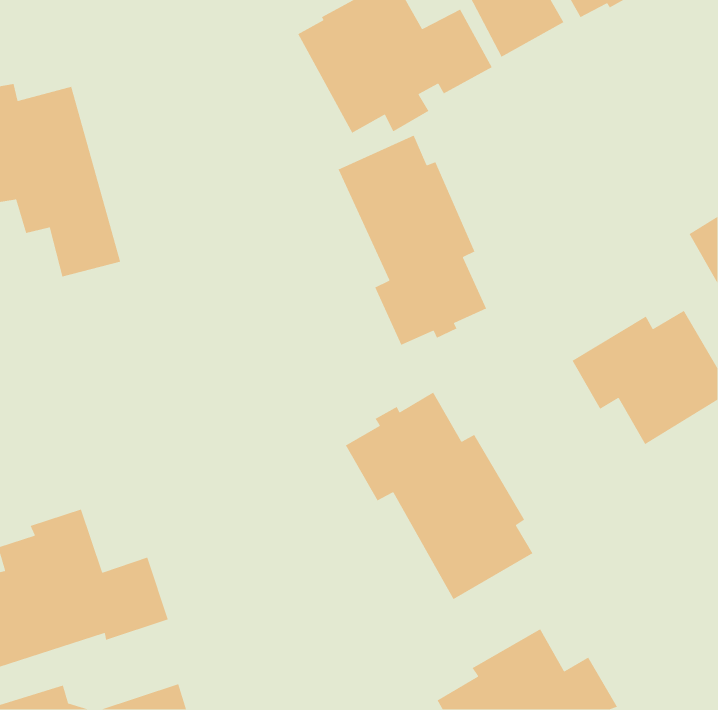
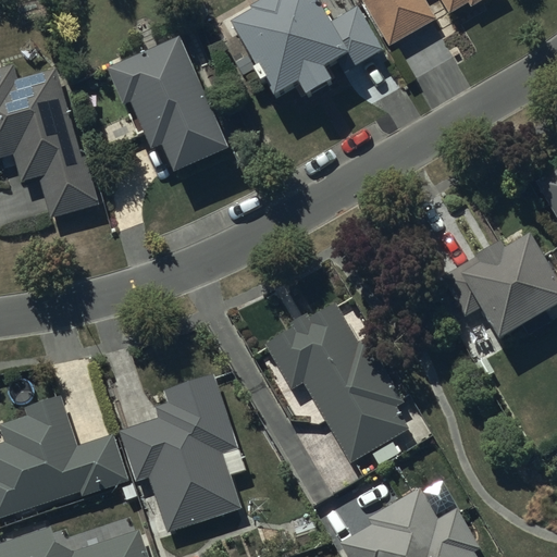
building: none -> [106,41,228,176]
building: [337,135,487,346] -> none
building: none -> [120,372,239,530]

